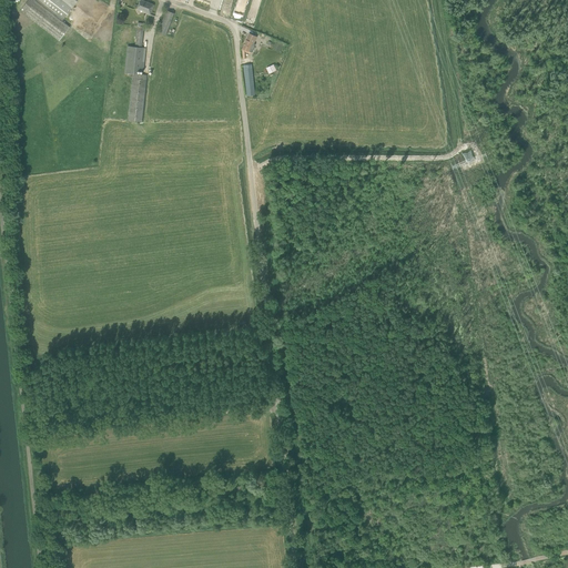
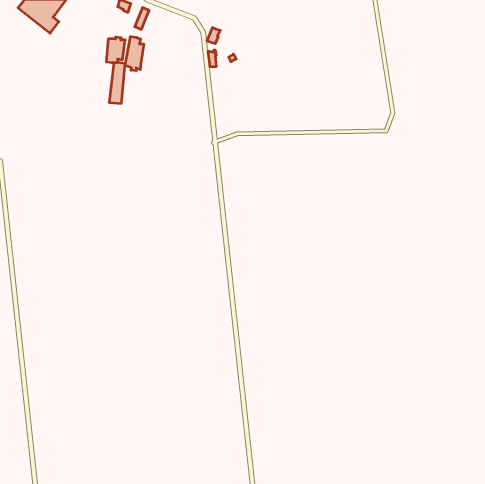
building: none -> [125,37,144,71]

